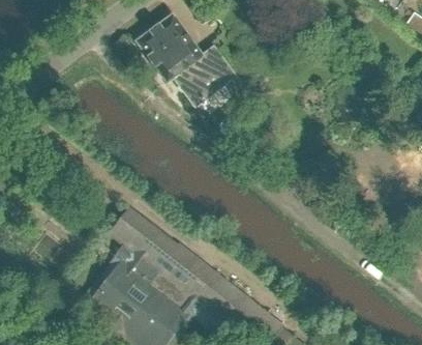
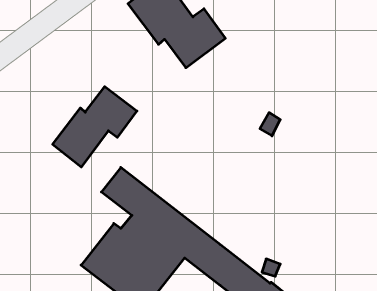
building: none -> [53,87,137,167]

